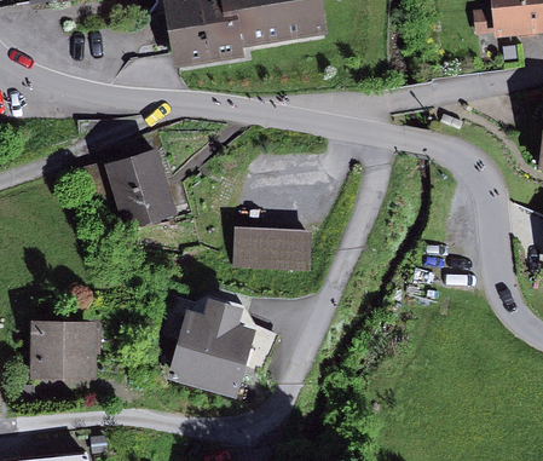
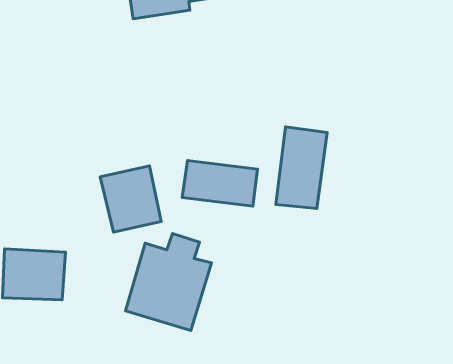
building: [105,154,173,227] -> [100,166,161,232]
building: none -> [276,127,327,209]

